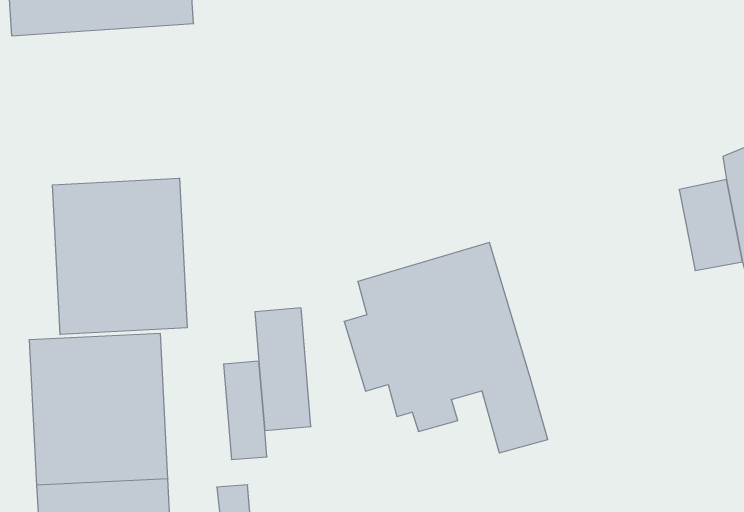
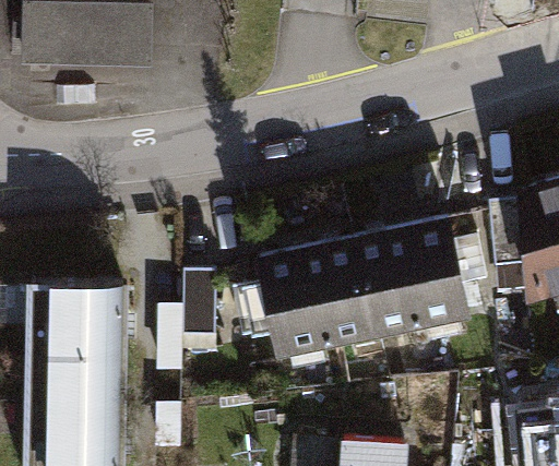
building: [52,178,187,335] -> none
building: none -> [360,220,489,342]

